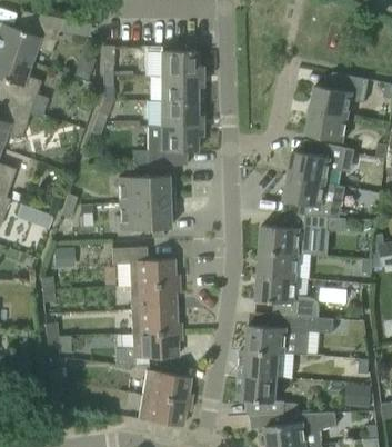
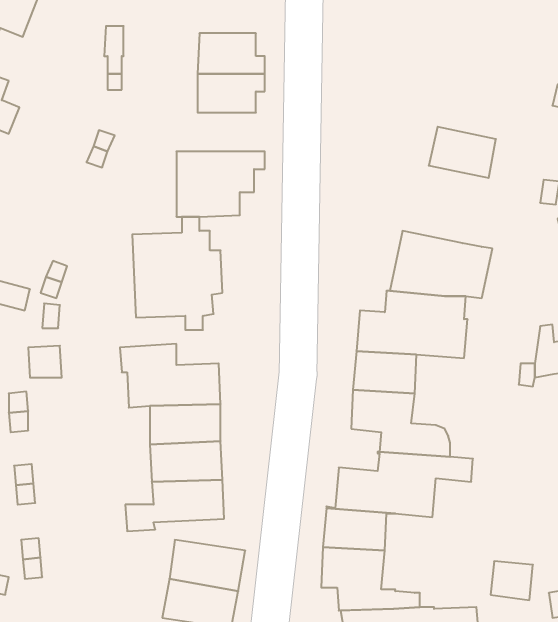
building: [311,72,369,118] -> none
building: [147,101,202,126] -> none
building: [289,143,354,186] -> none

